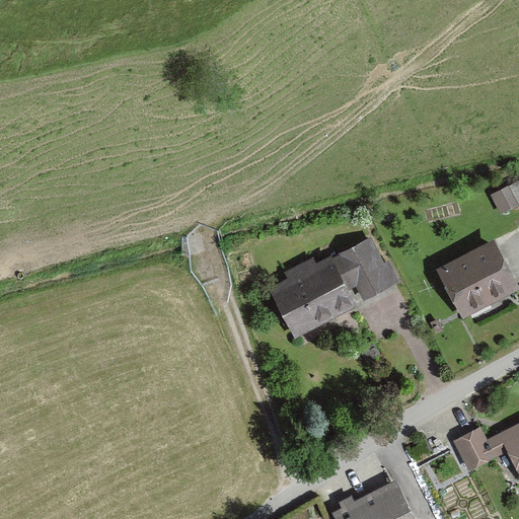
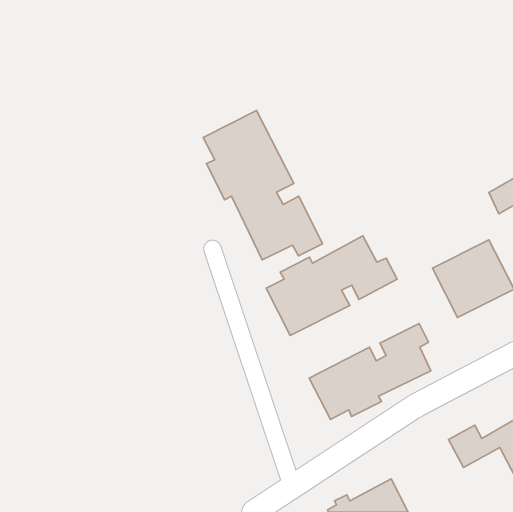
building: none -> [203,110,323,260]
building: none -> [309,324,431,419]

